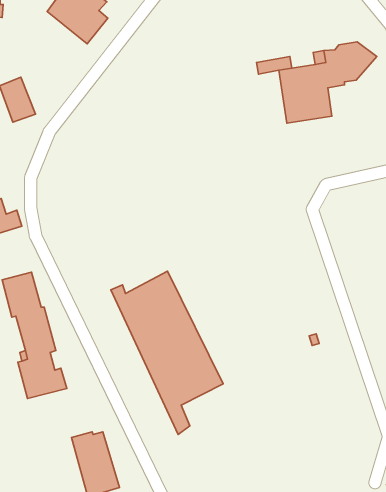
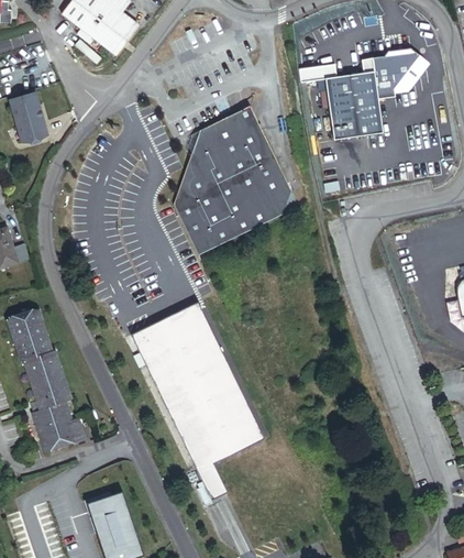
building: none -> [173,109,296,250]

